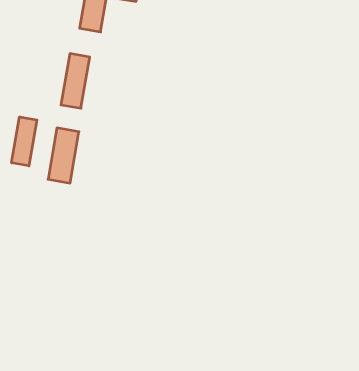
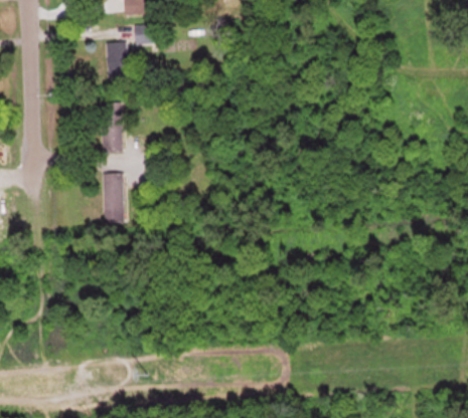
building: [12,117,37,166] -> none

